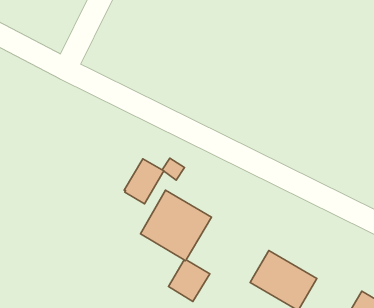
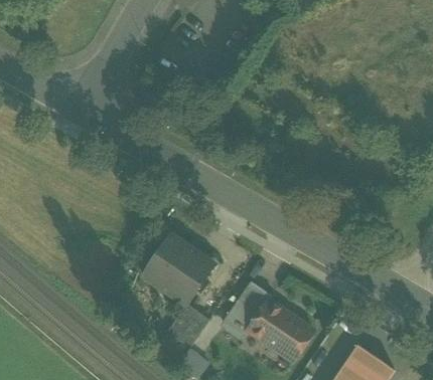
building: [124,159,164,204] -> none
building: none -> [231,280,272,325]

